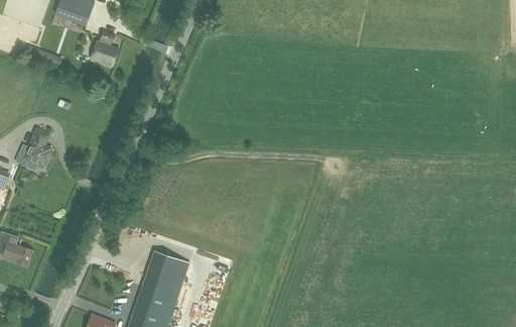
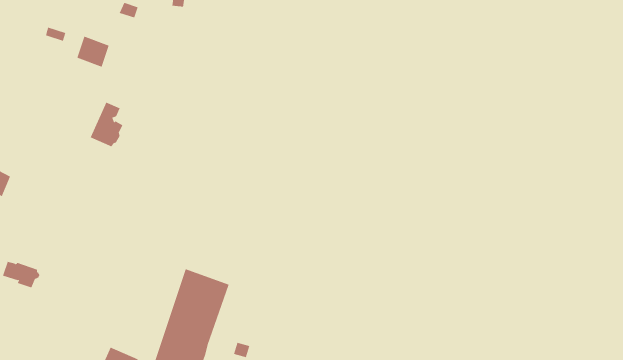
building: [91,40,118,67] -> [76,36,110,68]
building: [23,129,50,167] -> [90,102,123,147]

